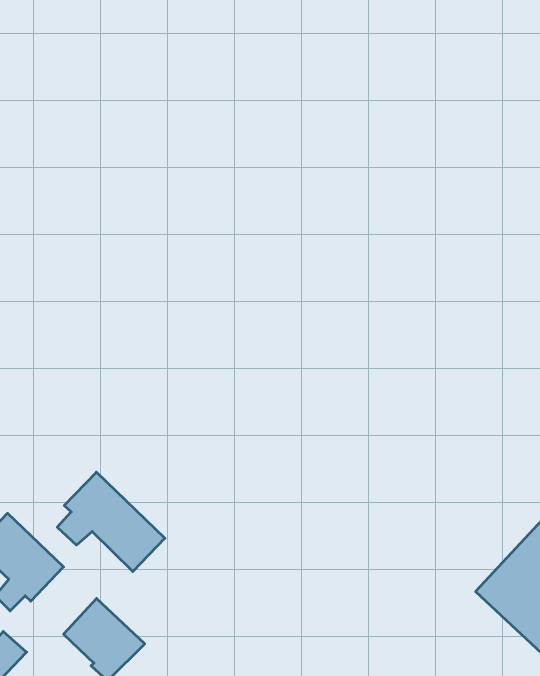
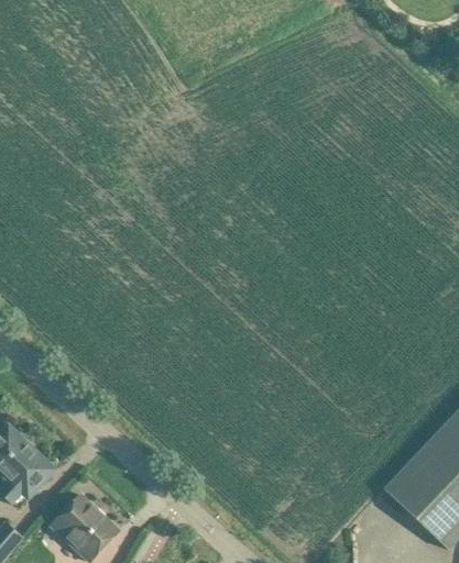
building: [57,472,165,572] -> none

